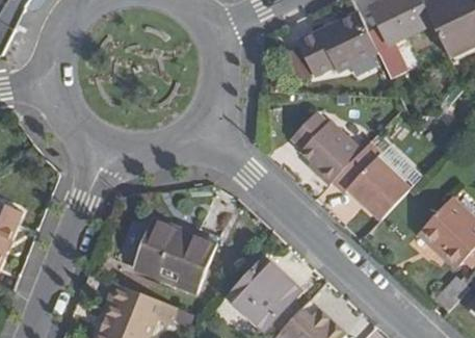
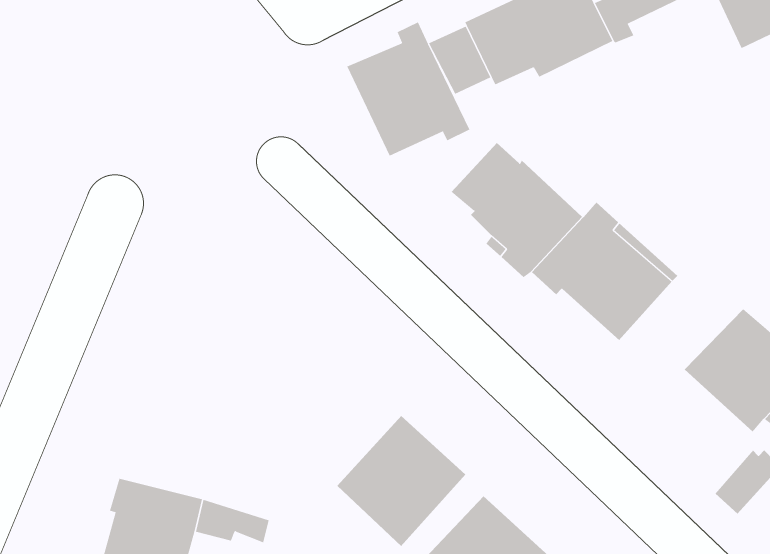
building: none -> [347,22,470,157]
building: [132,219,211,291] -> none

